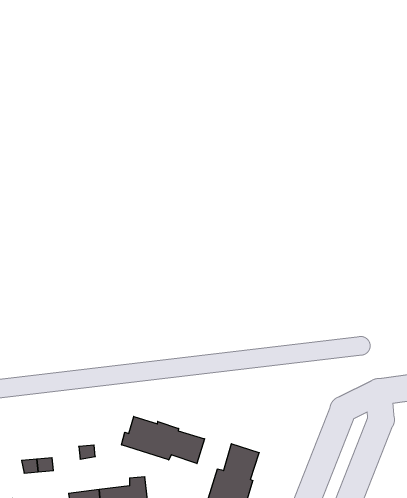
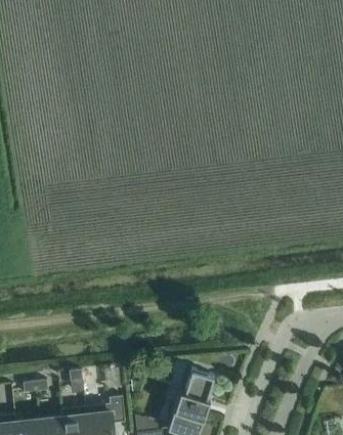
building: [122,416,205,464] -> none

